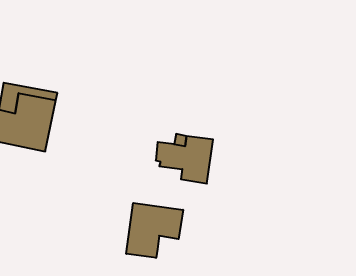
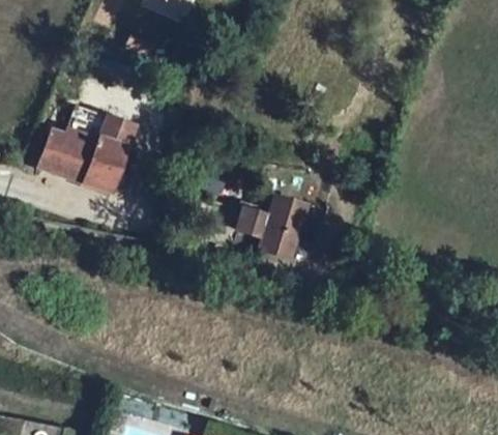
building: [126,203,183,258] -> none

